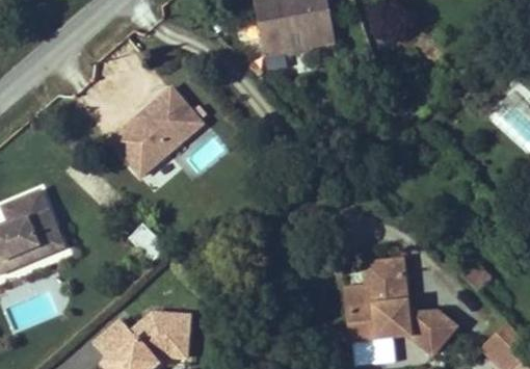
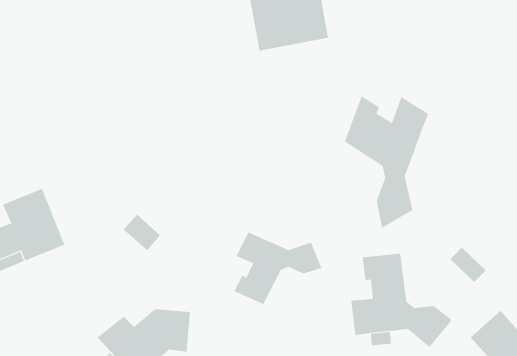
building: [91,79,203,179] -> none
building: none -> [344,95,429,229]
building: none -> [234,231,322,305]

